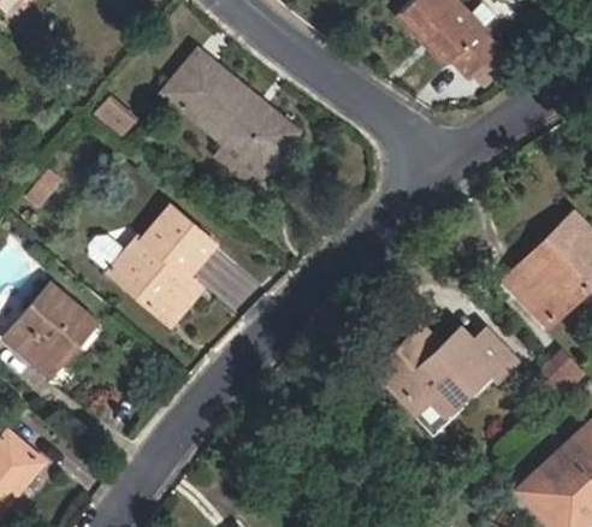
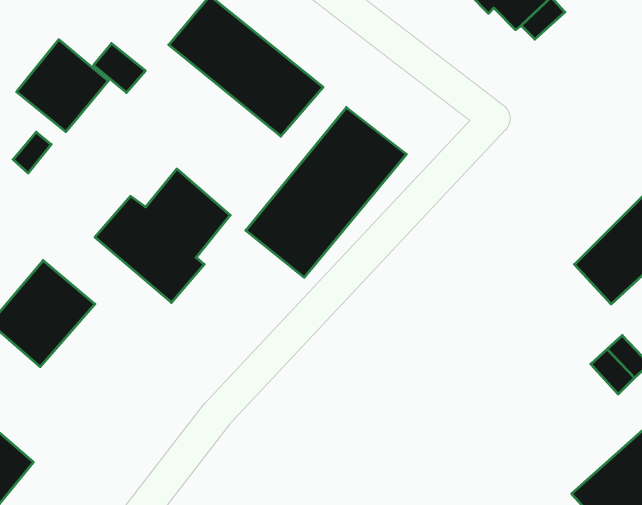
building: none -> [17,40,108,132]
building: none -> [246,107,406,277]
building: [378,327,505,430] -> none

